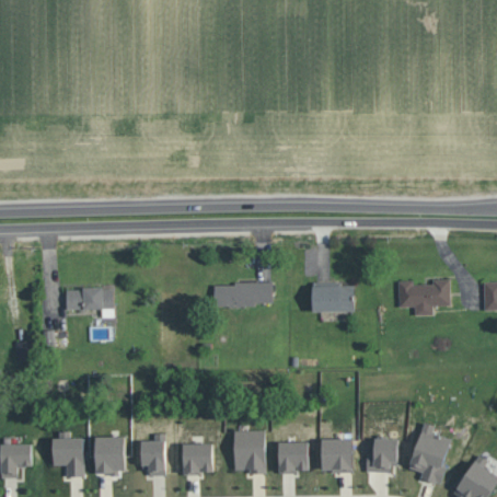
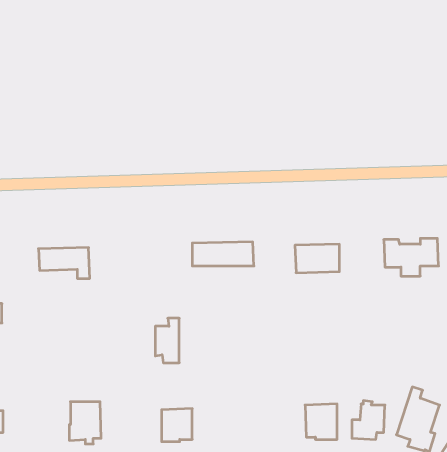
building: [233,430,265,473] -> none
building: [53,431,83,476] -> none
building: [141,432,164,475] -> [155,318,179,363]
building: [278,441,308,473] -> none

